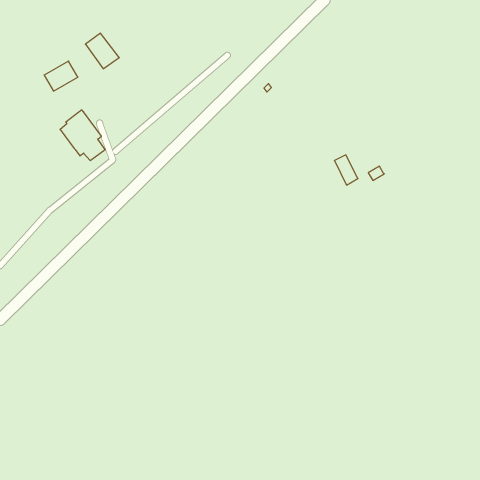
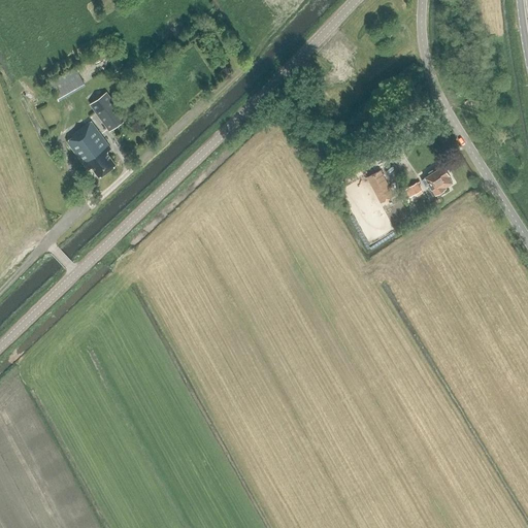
building: [85,33,119,69] -> [90,92,127,131]
building: none -> [425,166,453,196]

